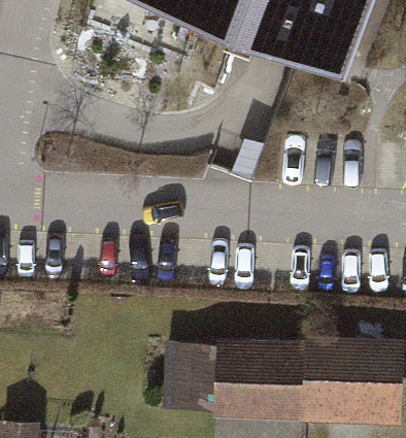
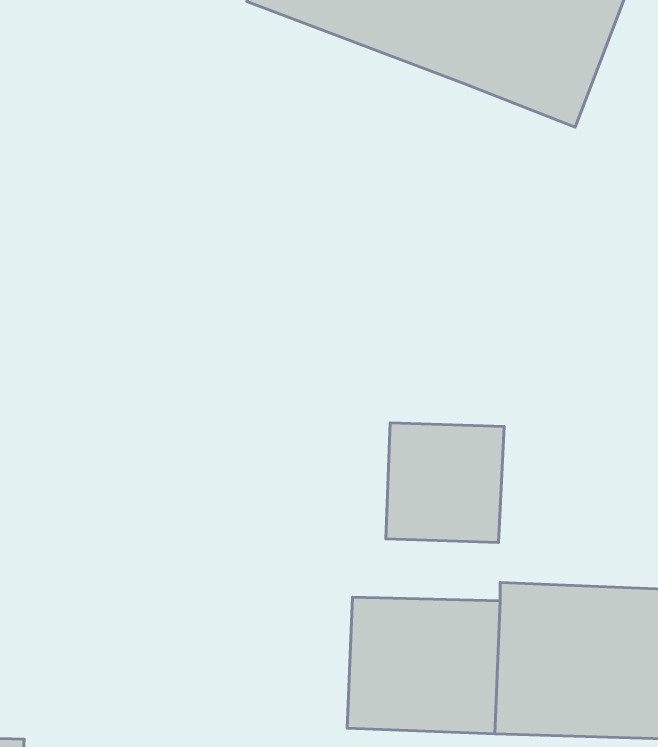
building: none -> [386,423,504,542]
building: [167,339,219,415] -> none

